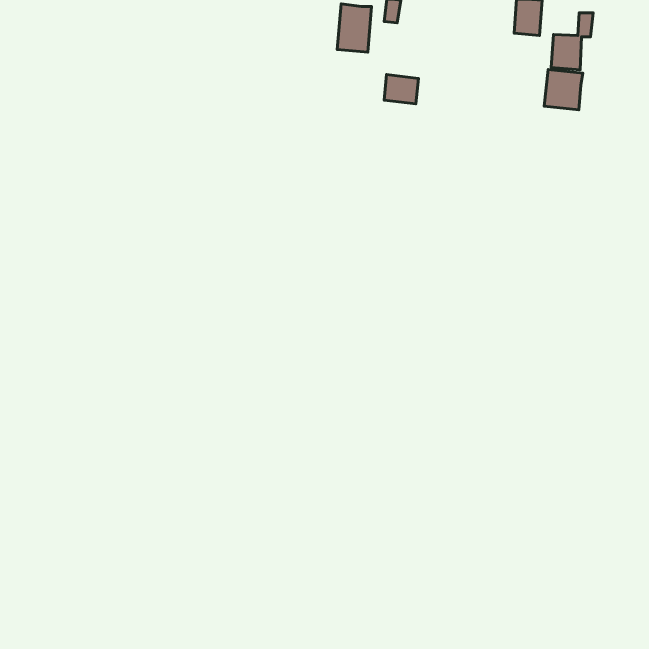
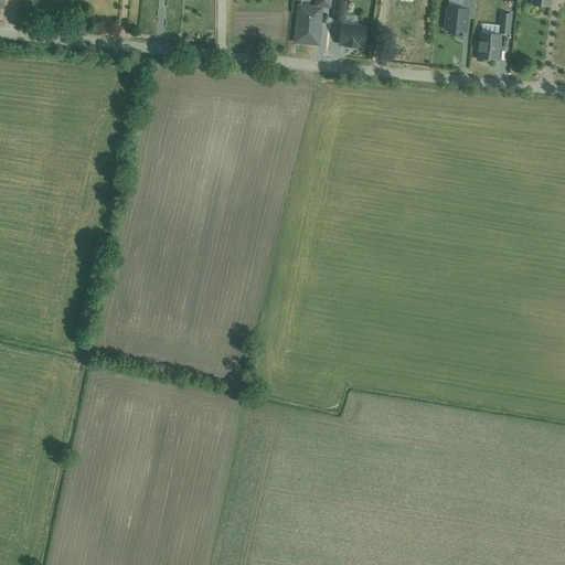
building: [544,69,583,110] -> none
building: [384,75,418,104] -> [340,22,370,47]

